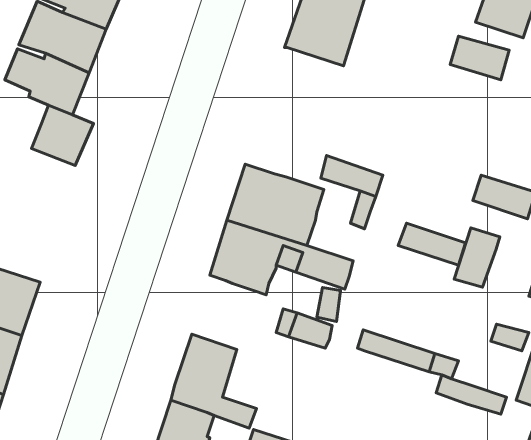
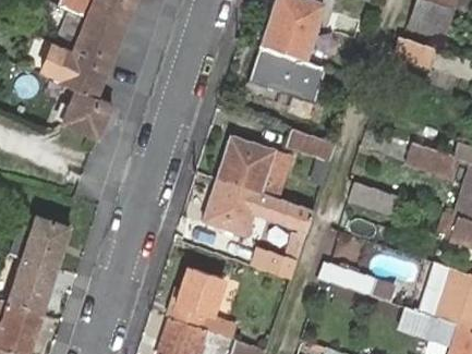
building: none -> [252,45,327,99]
building: [454,228,500,287] -> none

